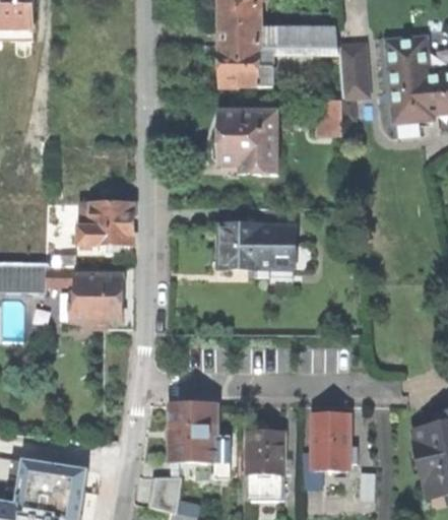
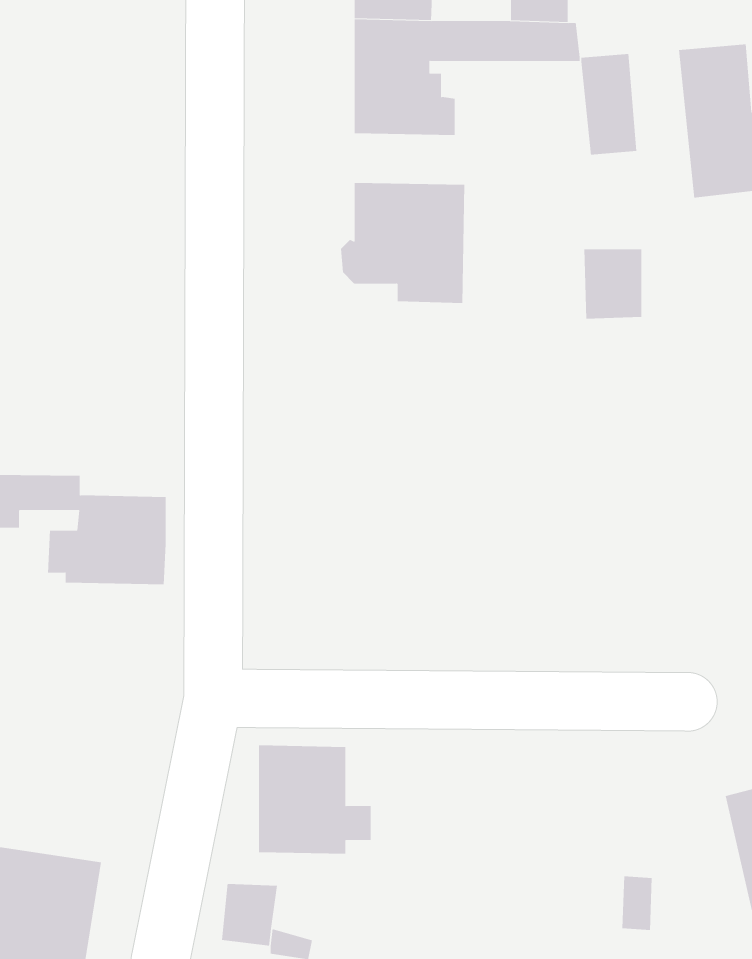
building: [319,98,349,134] -> [584,249,642,319]
building: [77,204,132,246] -> none
building: [217,207,294,269] -> none
building: [302,420,355,482] -> none
building: [246,431,282,501] -> none

